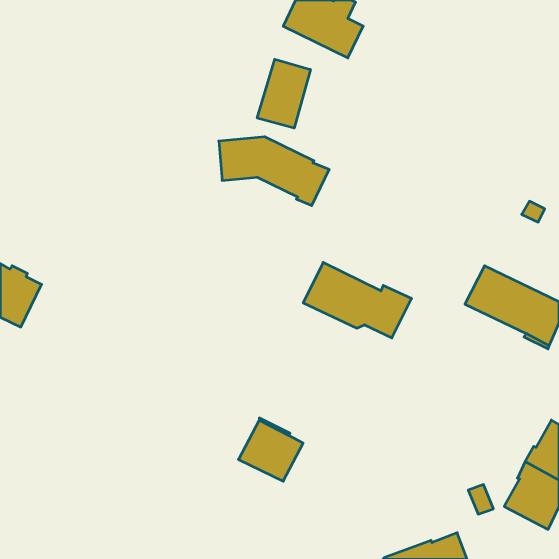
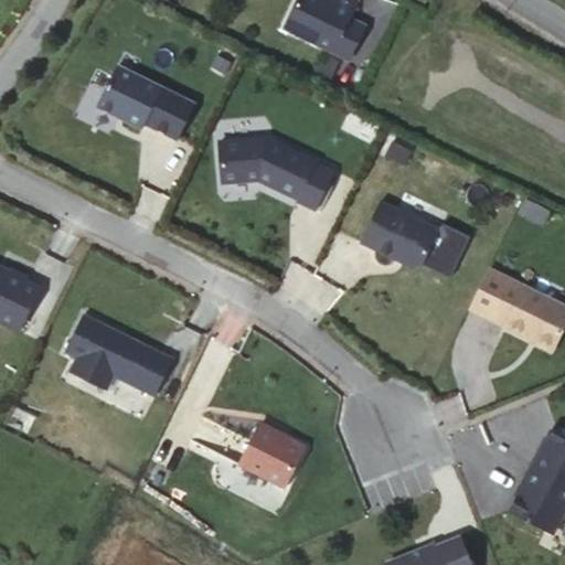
building: [257,59,310,128] -> none
building: none -> [98,65,198,139]
building: [303,262,412,338] -> [362,201,471,277]
building: none -> [65,313,173,395]

